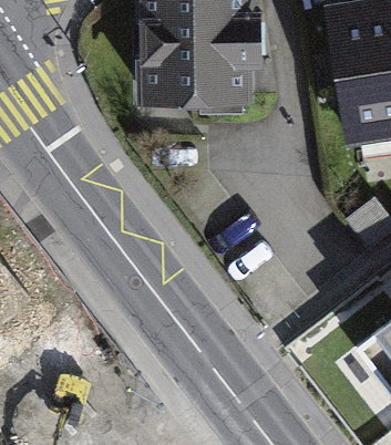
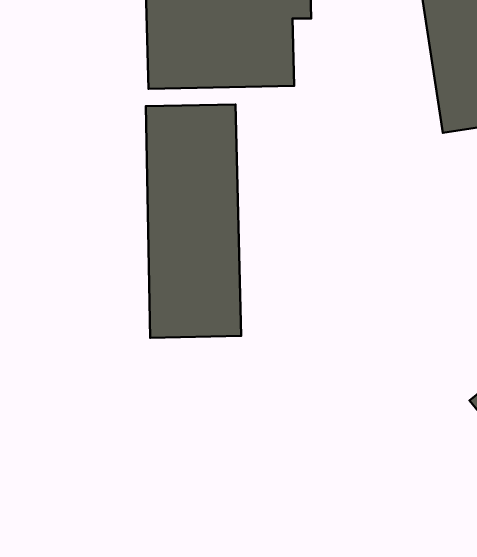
building: none -> [146,105,241,338]

